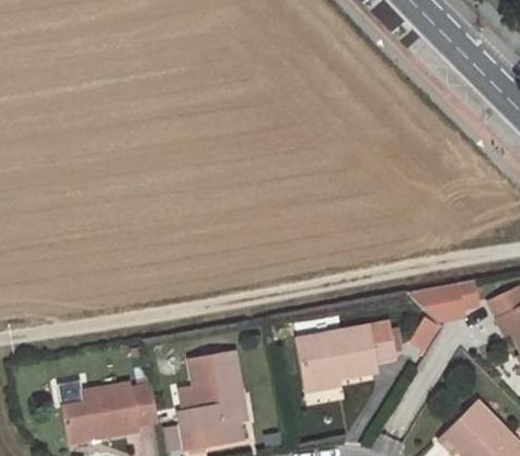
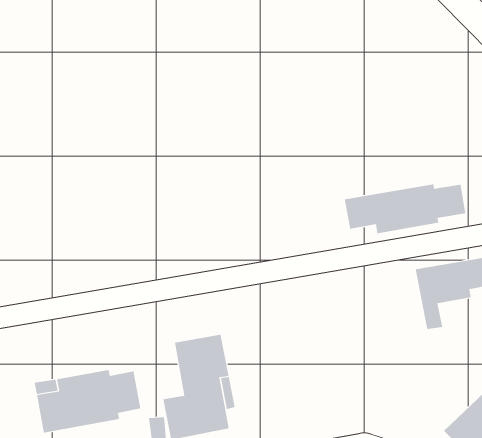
building: none -> [344,183,466,234]
building: [296,321,394,388] -> none

